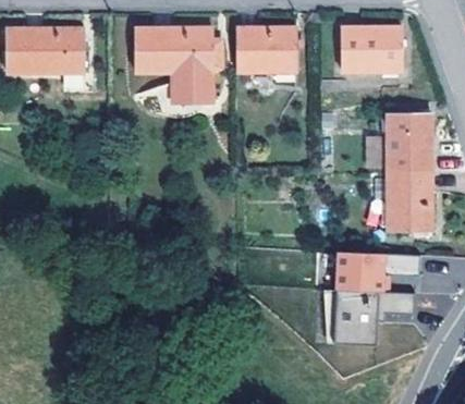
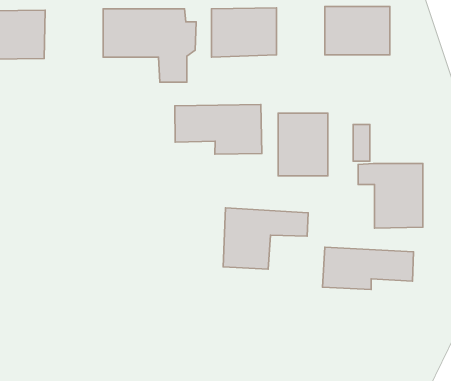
building: [386,113,431,171] -> [278,113,328,176]
building: none -> [175,104,262,154]
building: [338,289,416,345] -> [223,208,308,269]

